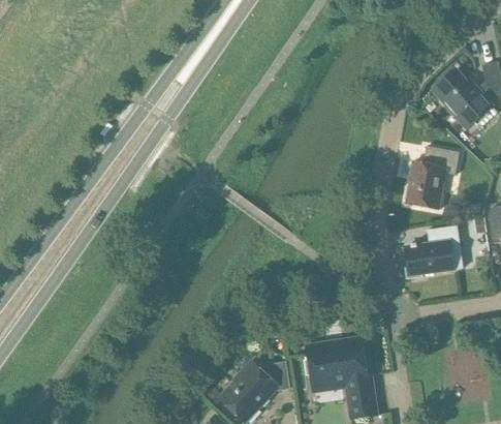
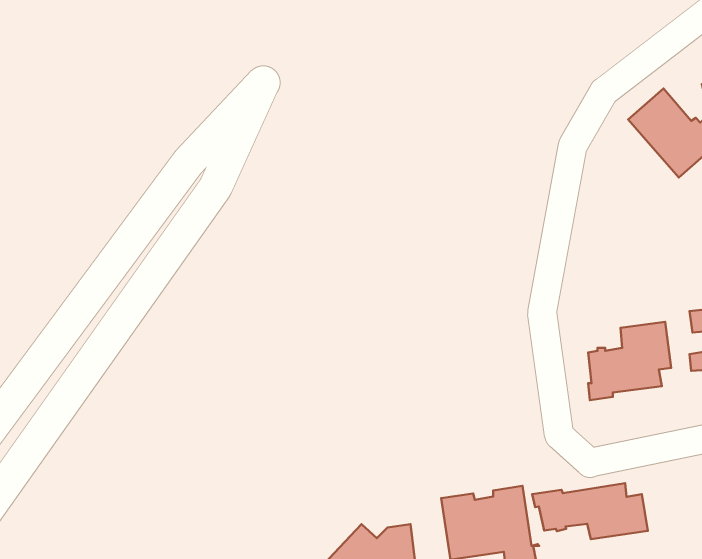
building: [405,146,459,209] -> none
building: none -> [532,483,648,539]

